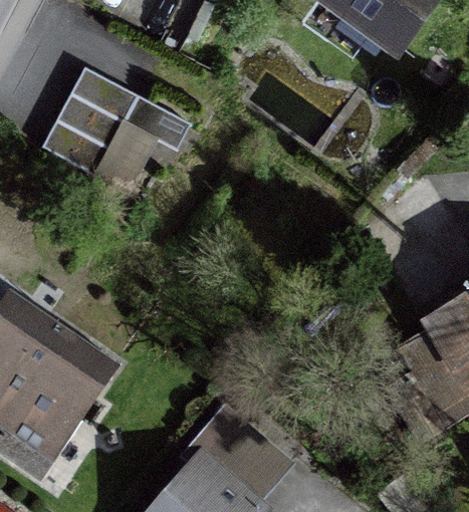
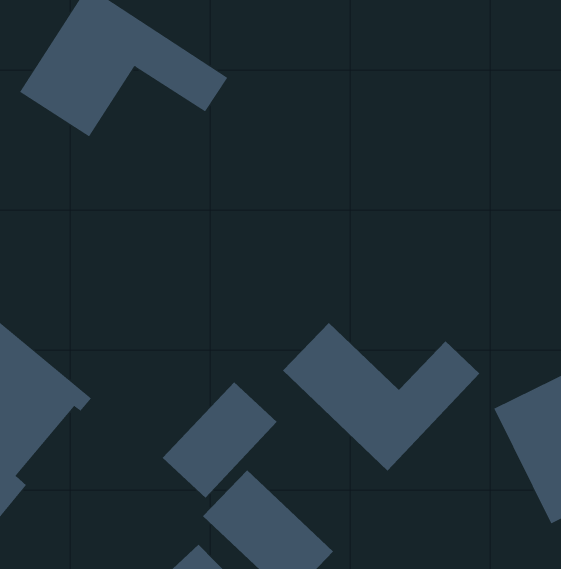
building: none -> [282,322,480,472]
building: none -> [162,381,278,498]

